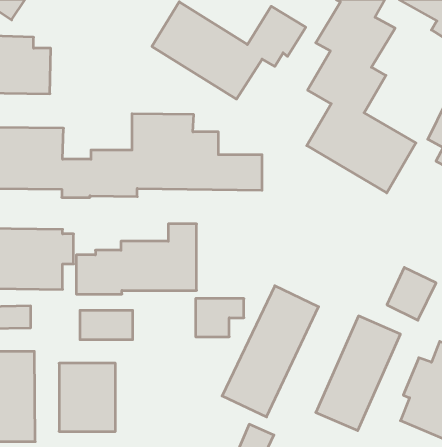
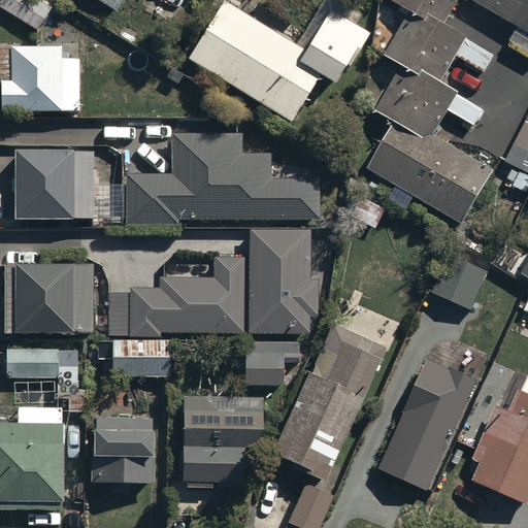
building: none -> [249,227,319,334]
building: [387,267,436,320] -> [434,252,490,311]
building: none -> [184,399,268,488]

